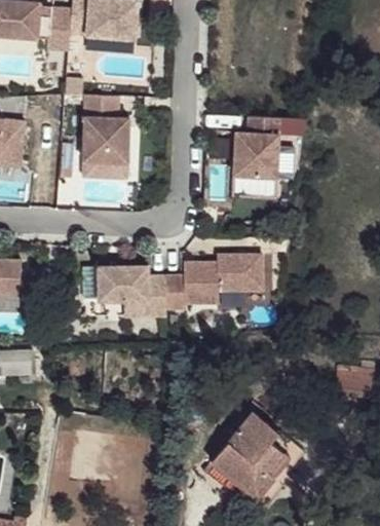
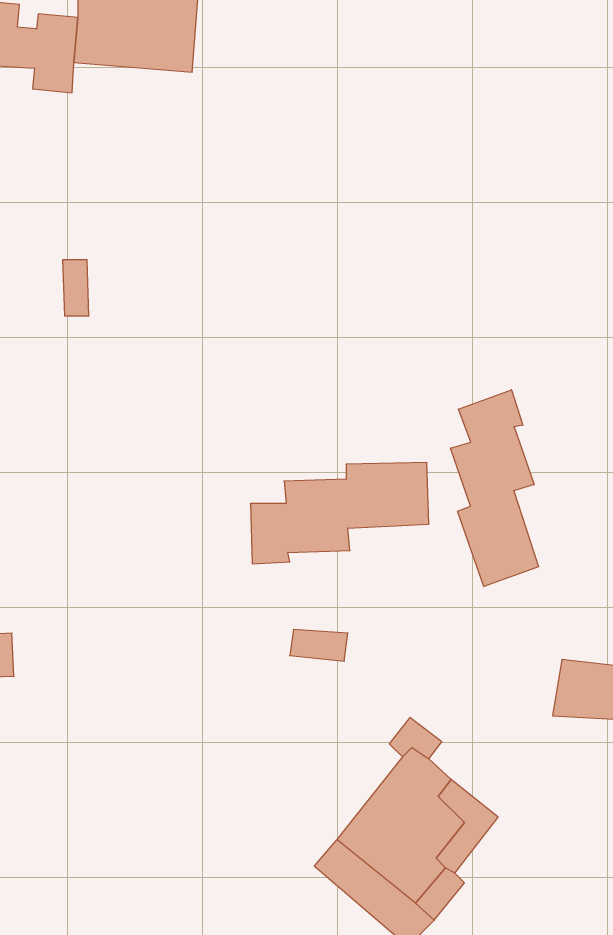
building: [83,96,128,163] -> none
building: [235,116,280,176] -> none
building: none -> [450,390,539,587]
building: [99,267,166,317] -> none

